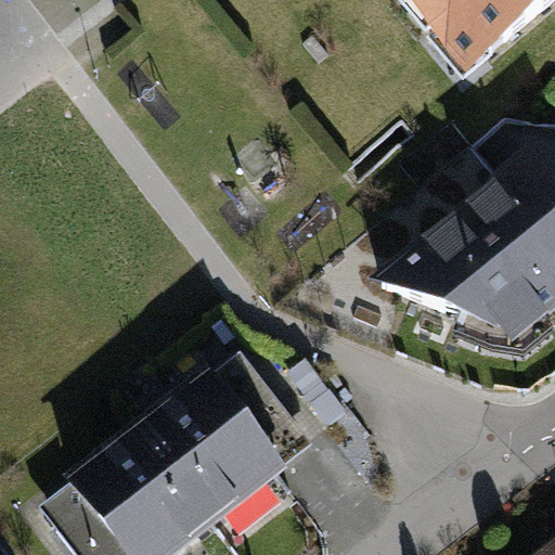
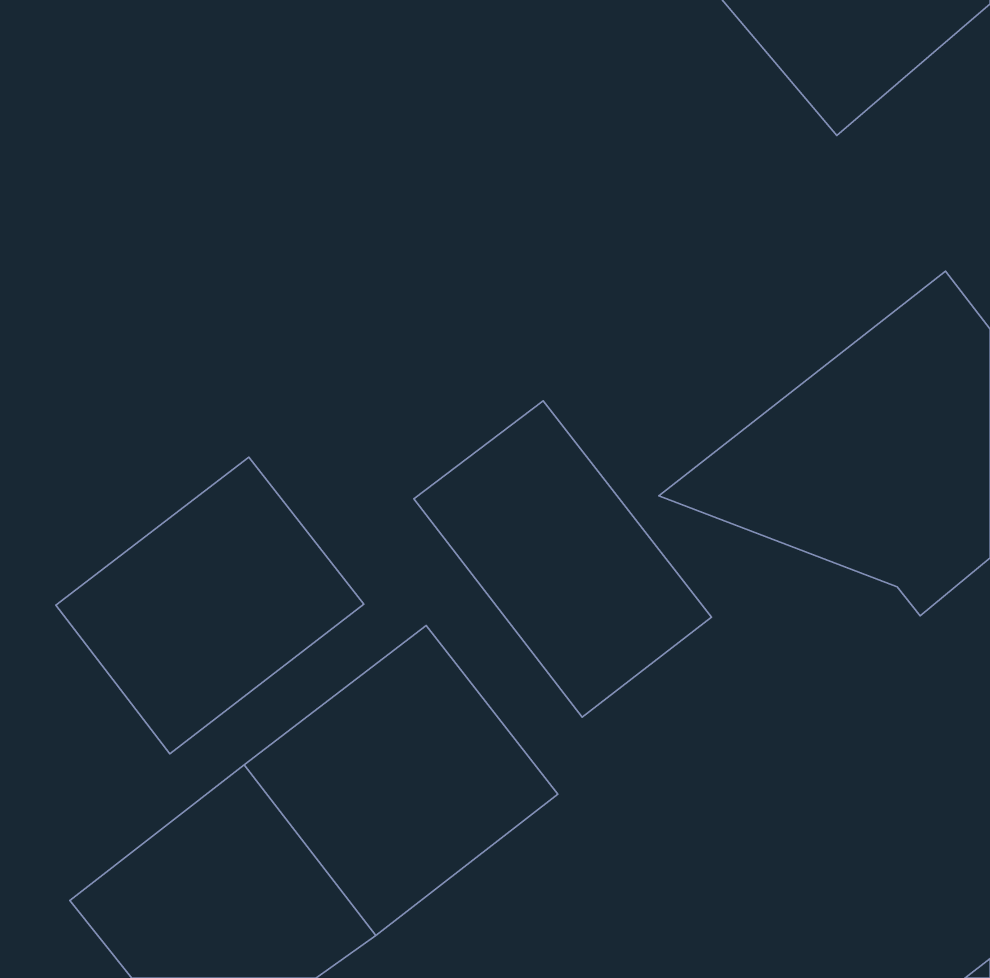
building: none -> [414,401,711,717]
building: none -> [56,457,364,754]

